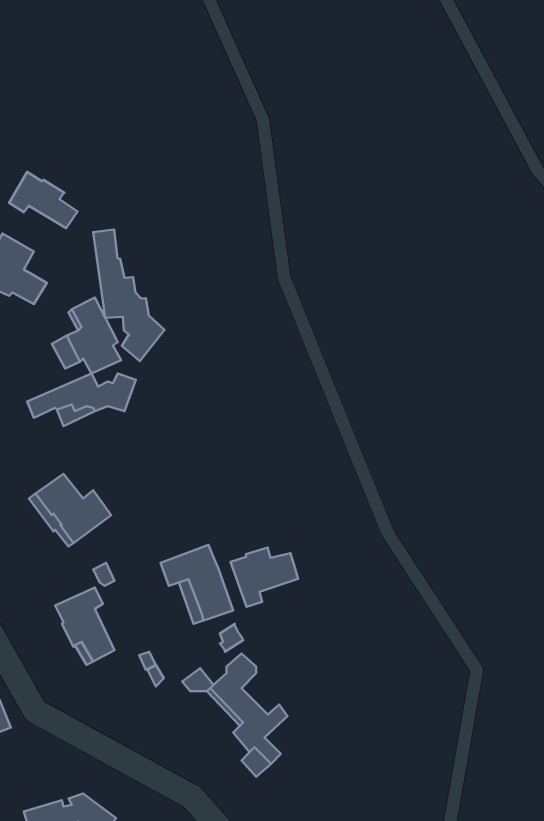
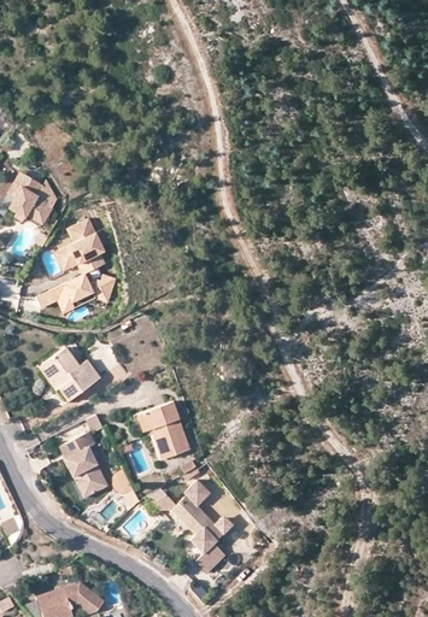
building: [9,172,77,228] -> none
building: [93,229,164,361] -> none
building: [230,547,298,607] -> none

